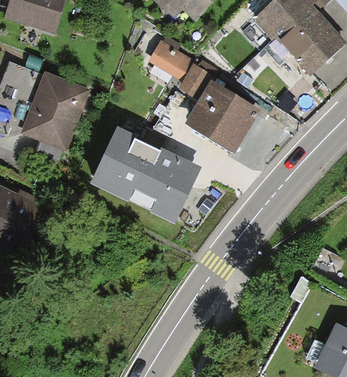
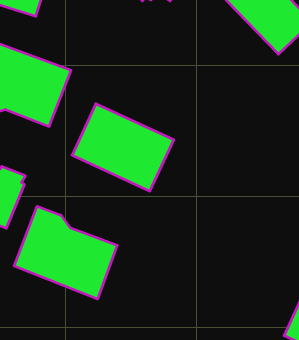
building: [146,42,252,147] -> none
building: none -> [14,206,117,299]

